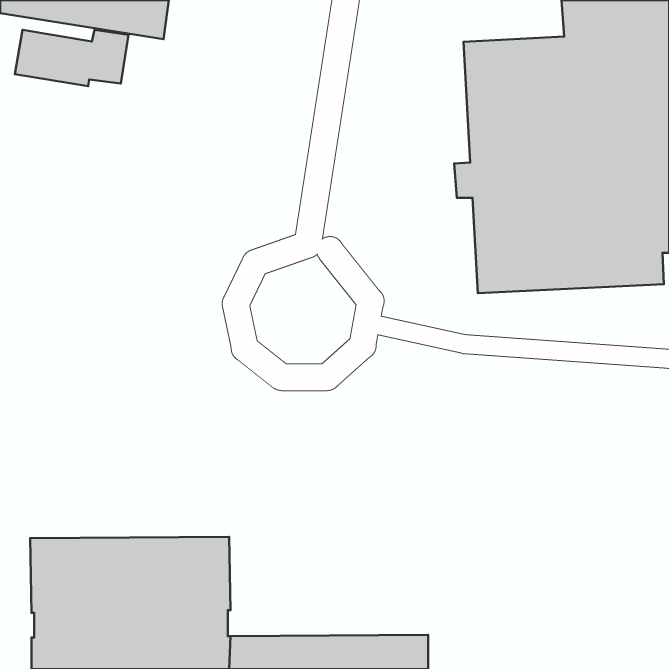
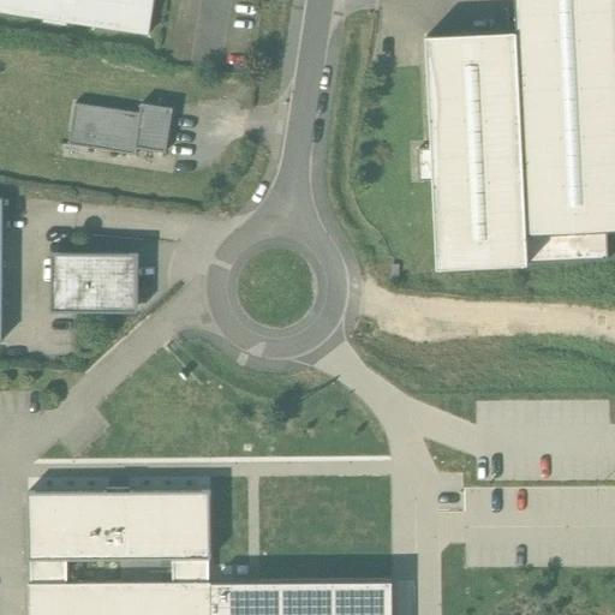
building: [15,30,129,86] -> [68,105,173,156]
building: none -> [52,255,139,314]

